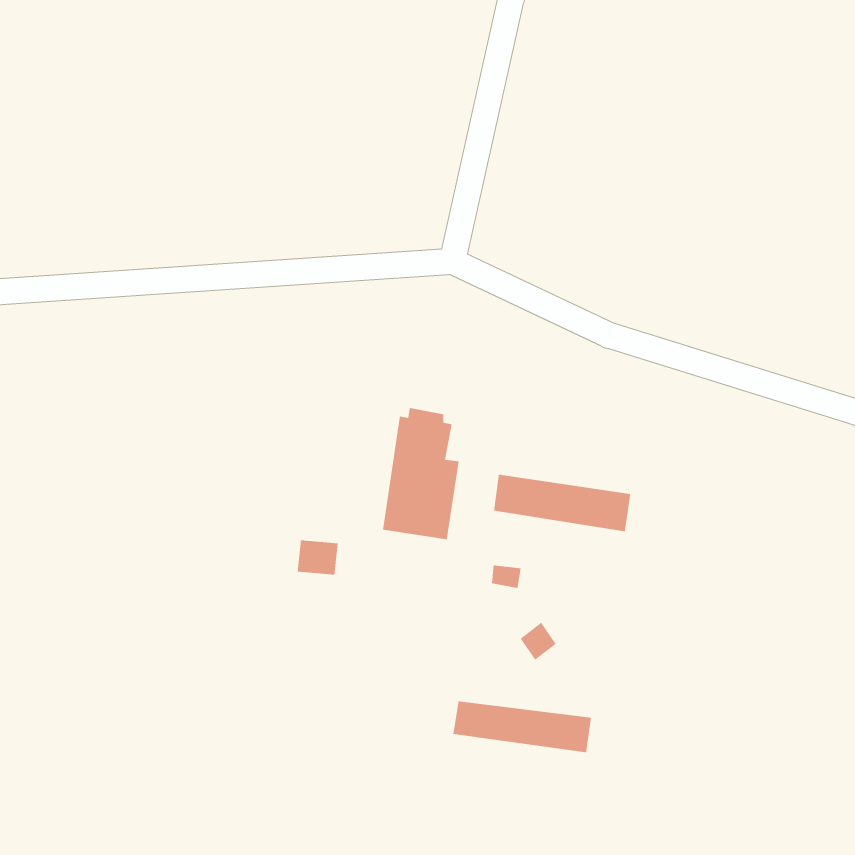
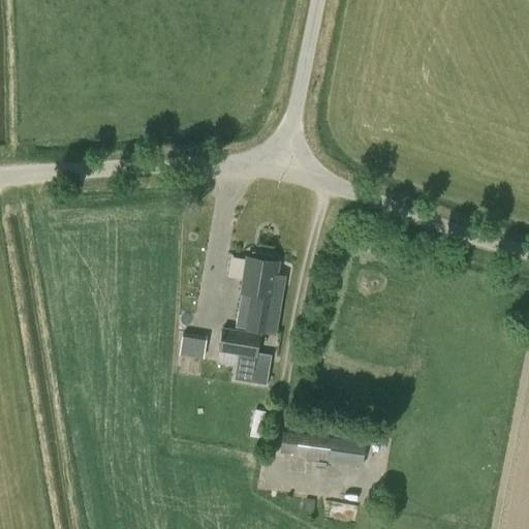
building: [493,474,631,532] -> none
building: none -> [220,328,271,384]

